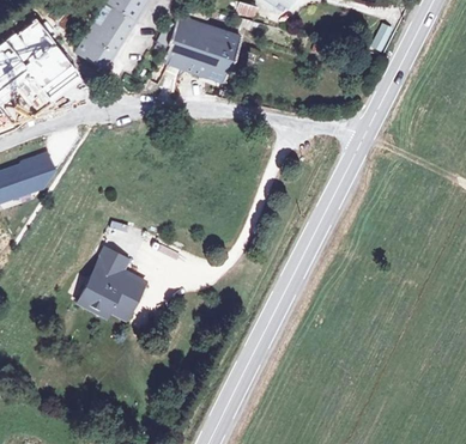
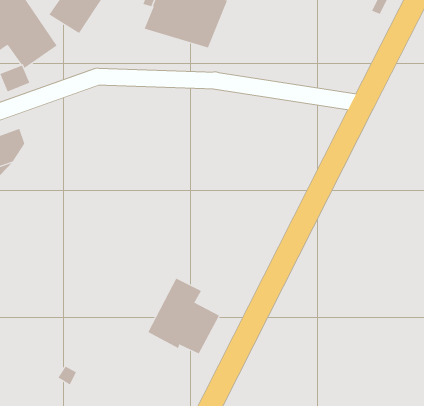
building: [80,250,147,321] -> [148,278,220,354]

